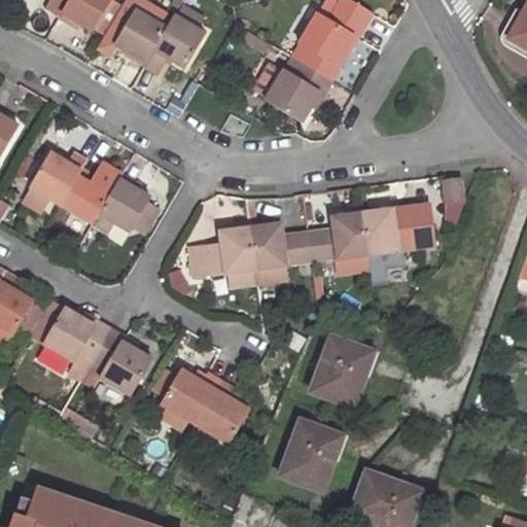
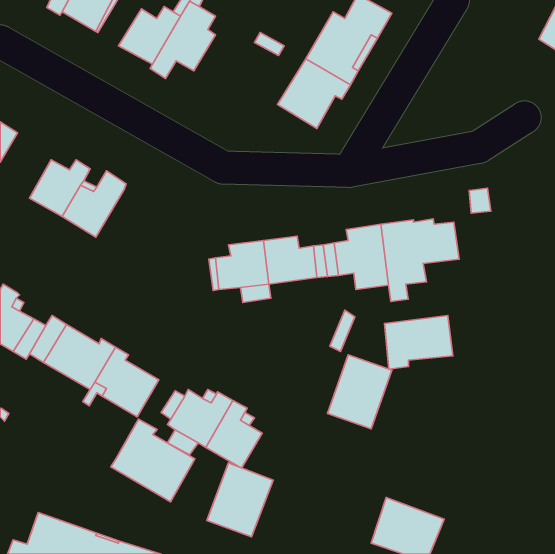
building: [92,179,160,233] -> none
building: none -> [384,315,453,369]
building: none -> [111,419,195,502]
building: [279,420,342,490] -> [207,463,273,537]

